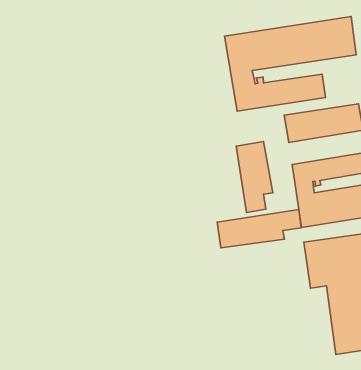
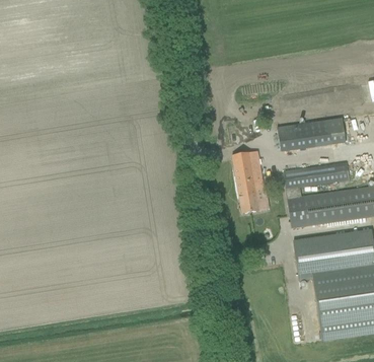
building: [224,16,356,111] -> none
building: [217,210,301,248] -> none

